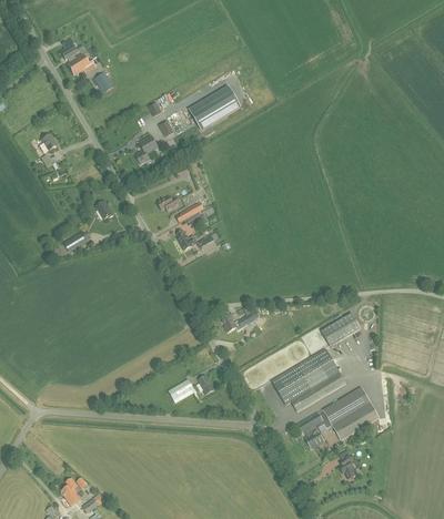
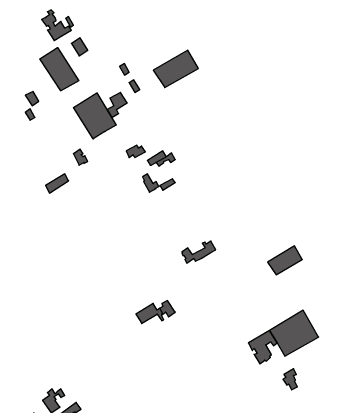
building: none -> [40,48,79,91]
building: none -> [74,93,116,139]
building: [271,348,344,410] -> none

